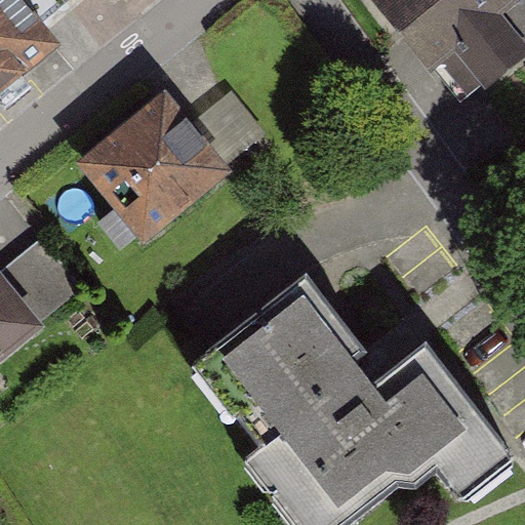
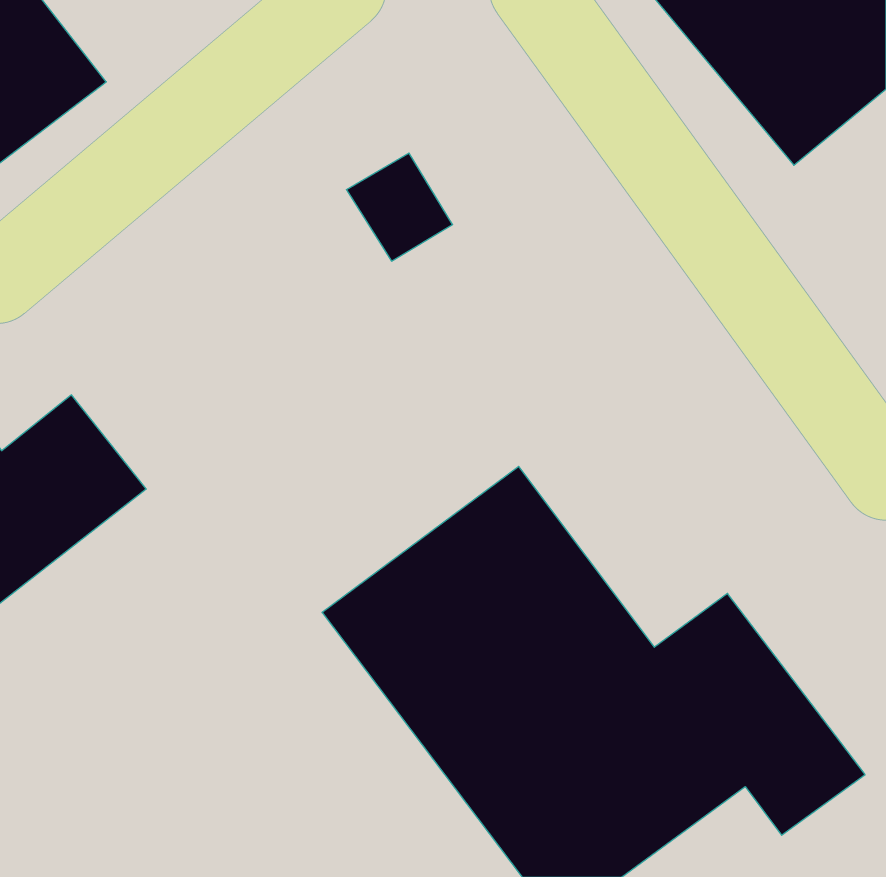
building: [79,96,225,240] -> none

